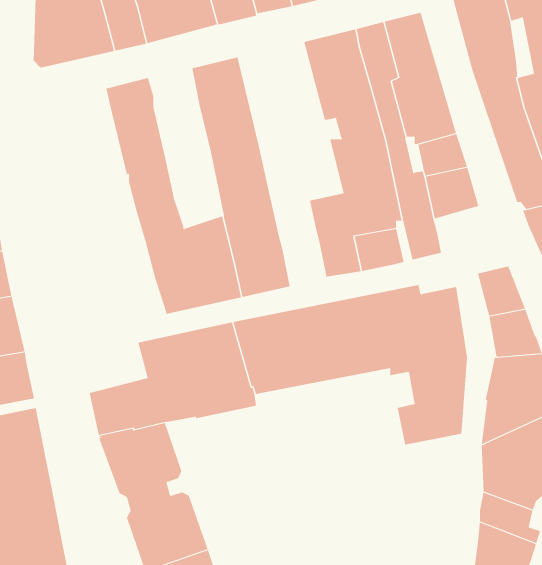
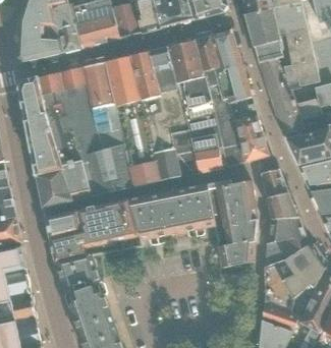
building: none -> [131,47,188,180]
building: none -> [82,61,123,149]
building: none -> [18,72,92,207]
building: none -> [238,136,269,162]
building: none -> [46,211,81,238]

